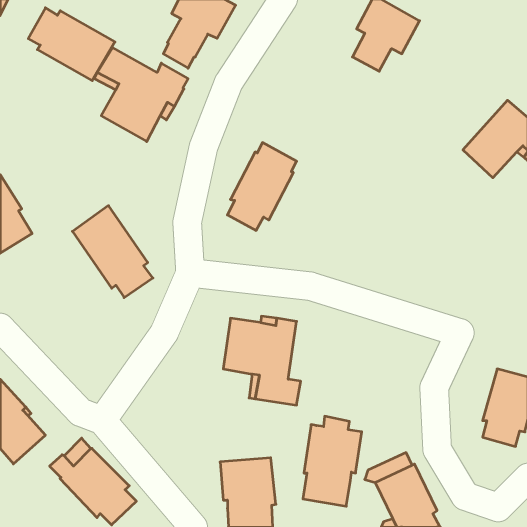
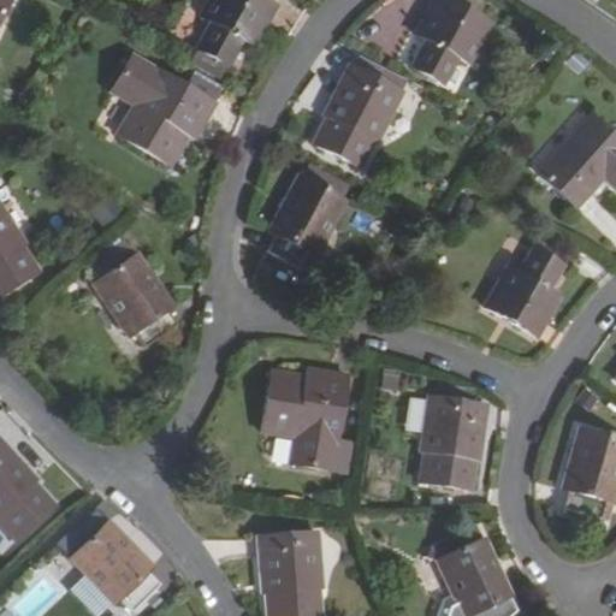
building: [28,8,115,81] -> none
building: none -> [314,57,402,167]
building: none -> [485,244,559,333]
building: [303,416,362,506] -> [419,386,487,491]

